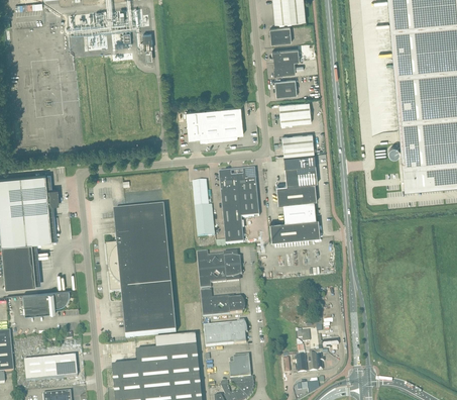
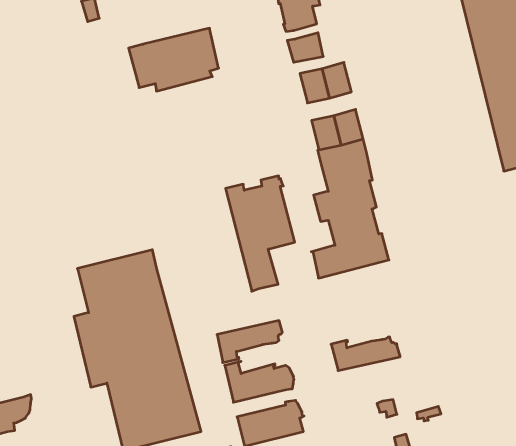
building: [186,106,243,142] -> [129,28,219,91]
building: [193,179,215,236] -> none
building: [197,249,241,269] -> [331,337,400,371]

